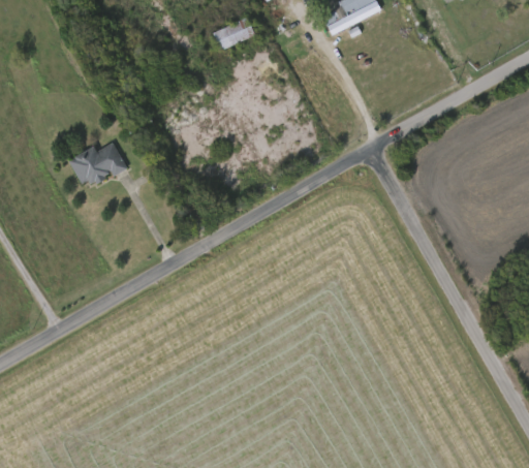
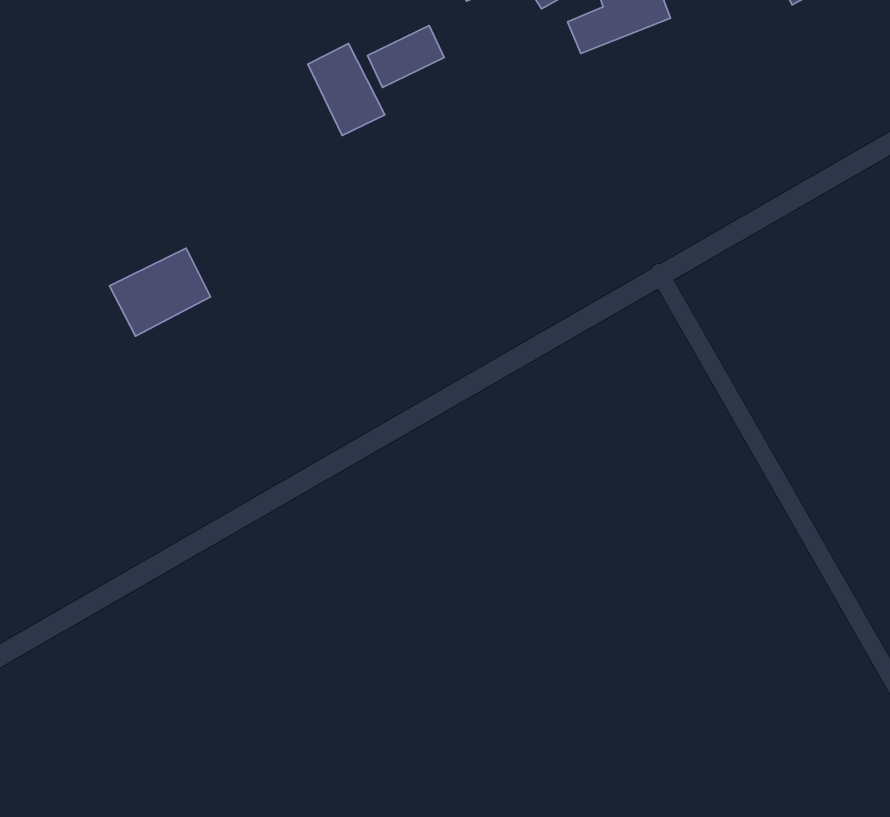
building: none -> [308,44,385,135]

